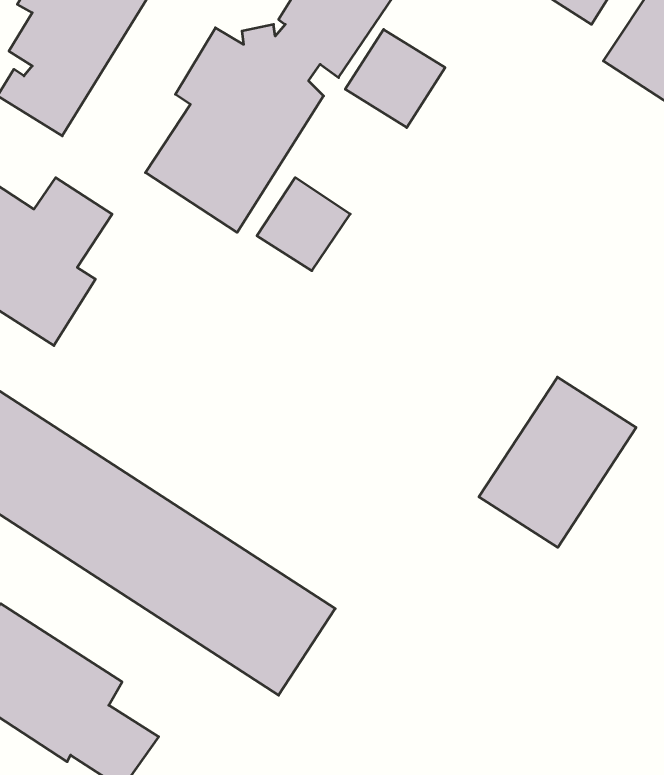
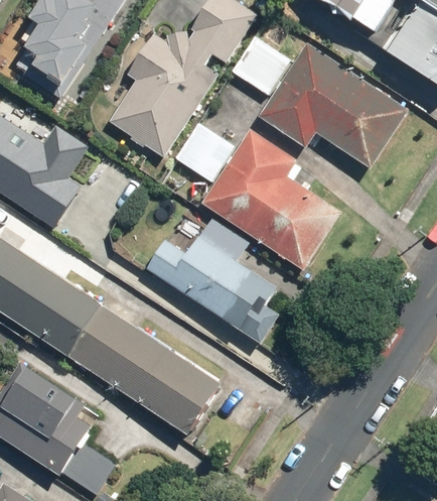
building: none -> [258,40,411,168]
building: none -> [202,130,341,268]
building: none -> [145,217,280,343]
building: [479,377,636,547] -> none

